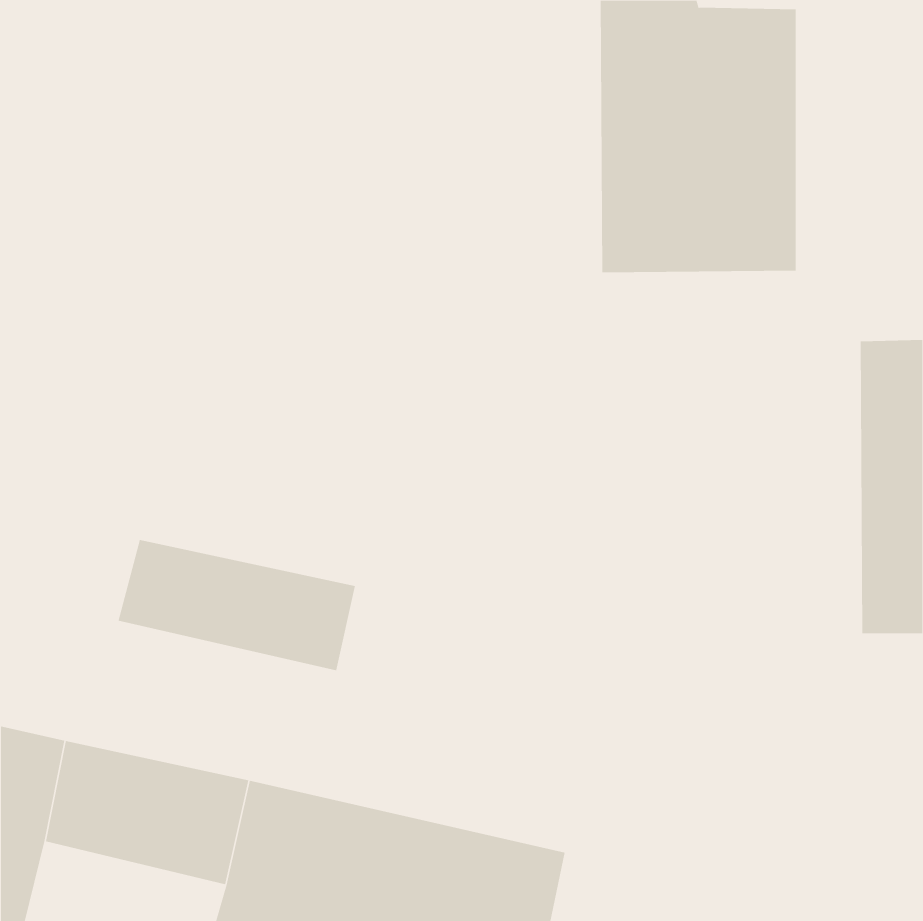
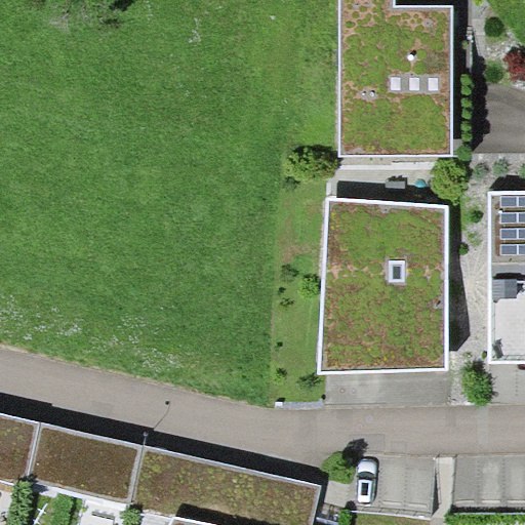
building: none -> [320,200,447,373]
building: [118,539,356,671] -> none

